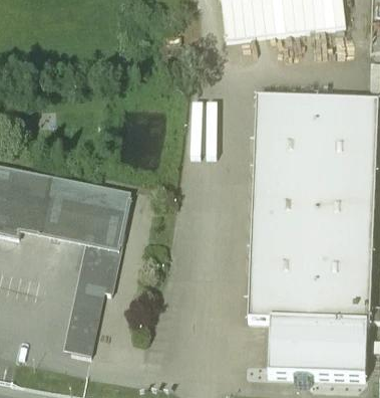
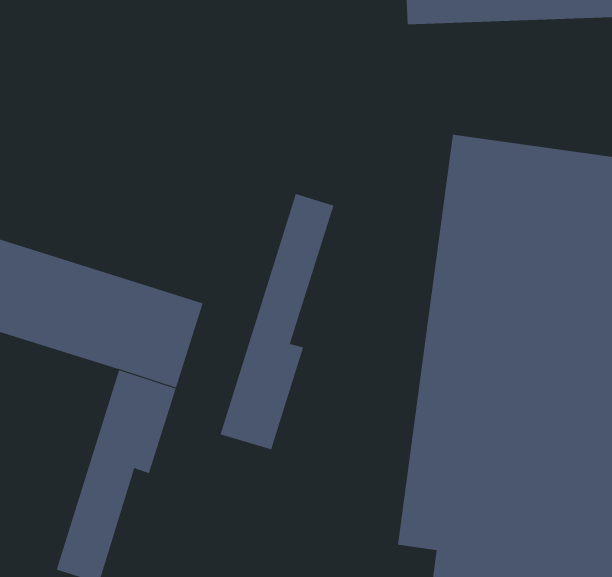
building: none -> [220,193,334,450]

